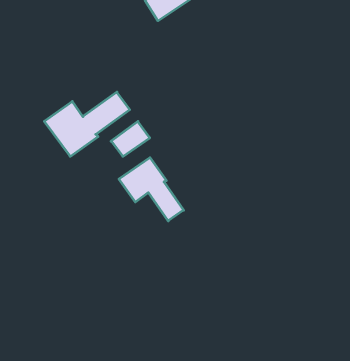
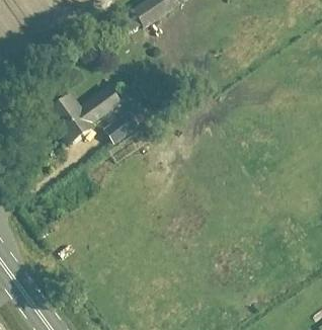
building: [119,158,184,221] -> none

